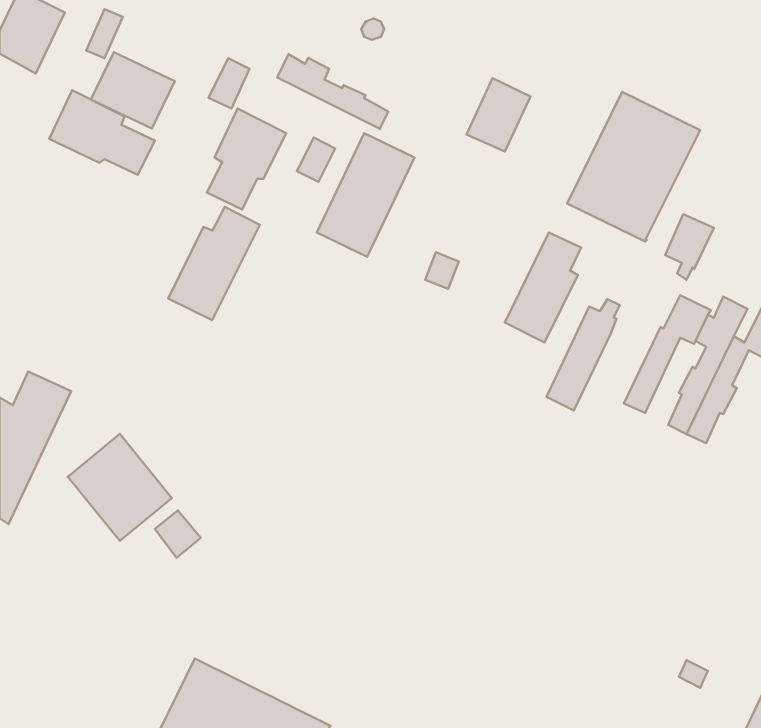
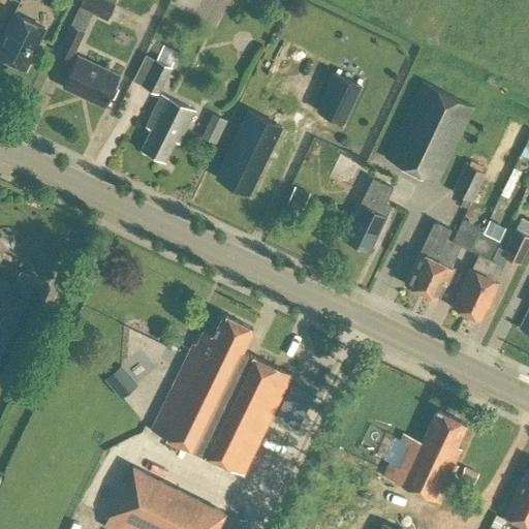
building: [277,54,388,129] -> none
building: [49,90,155,175] -> none
building: [168,207,260,320] -> none
building: [546,299,620,411] -> [405,219,455,294]
building: [68,434,172,541] -> none
building: none -> [152,315,291,475]
building: none -> [387,411,467,504]

